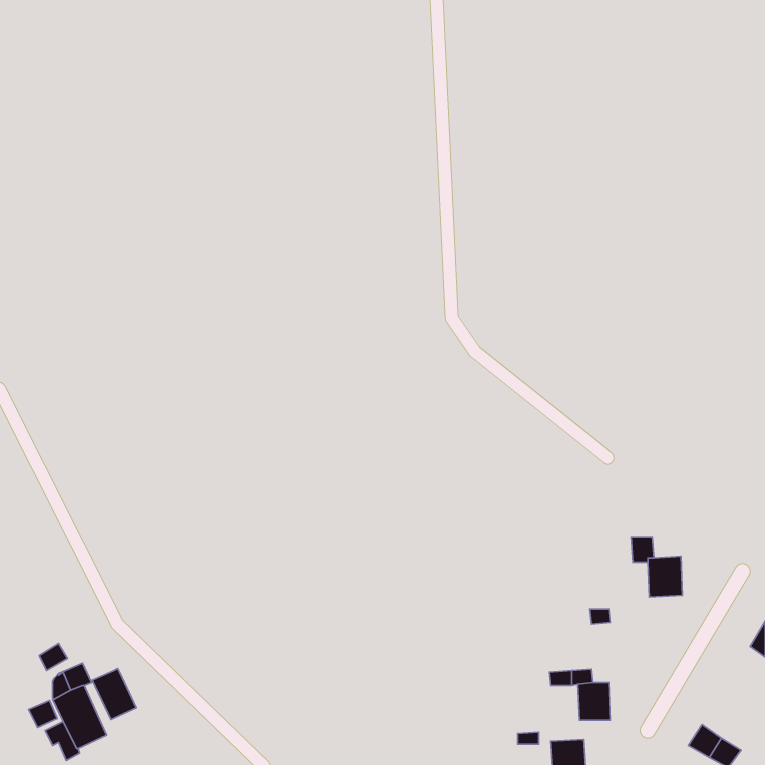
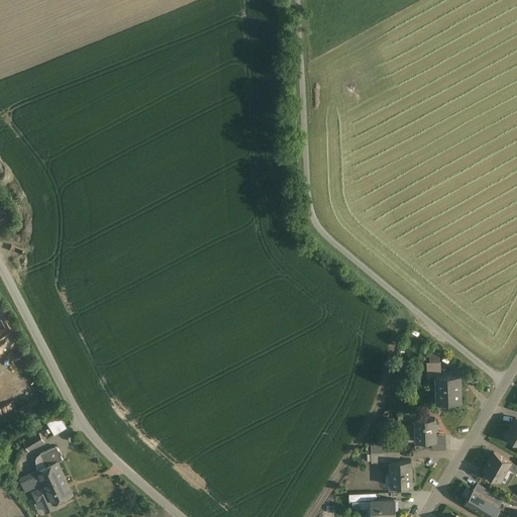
building: none -> [415,418,434,441]
building: [92,668,136,720] -> none
building: none -> [482,453,511,482]

